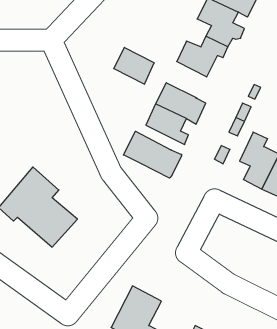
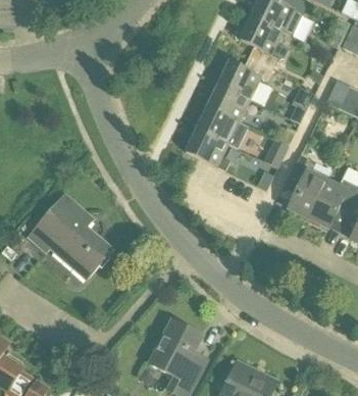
building: [114,47,154,84] -> [207,83,250,121]
building: [123,131,182,178] -> none

